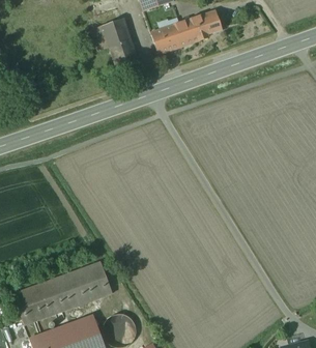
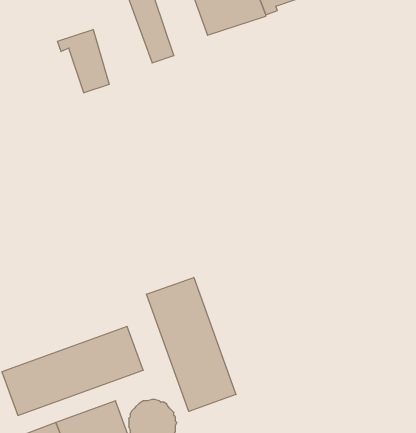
building: none -> [58,29,109,93]
building: none -> [146,277,236,411]

